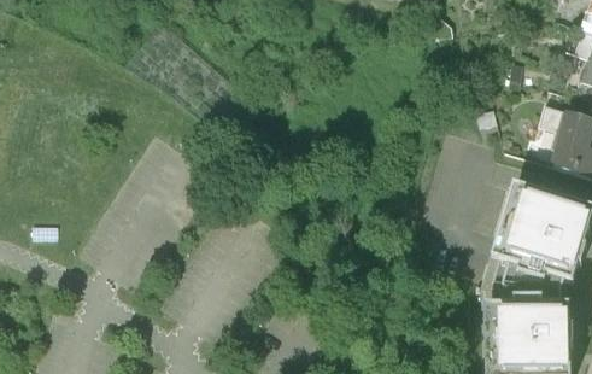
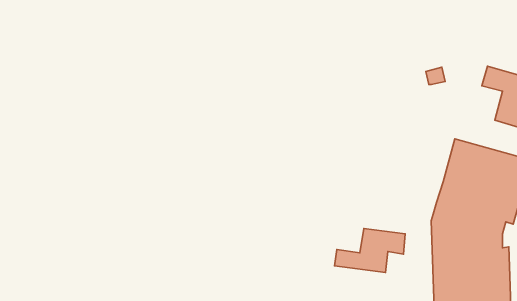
building: none -> [334,229,405,273]

